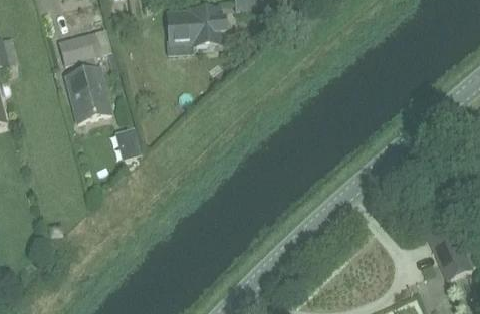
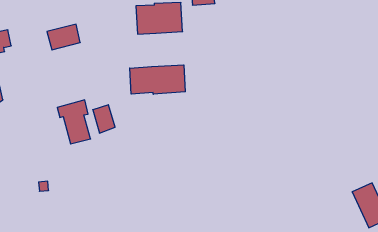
building: [67,66,107,119] -> [57,100,91,144]
building: none -> [130,65,185,94]

